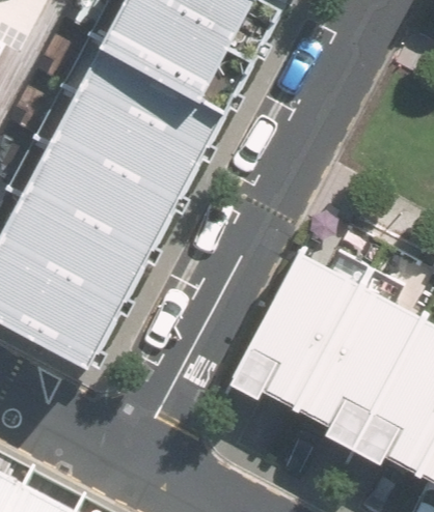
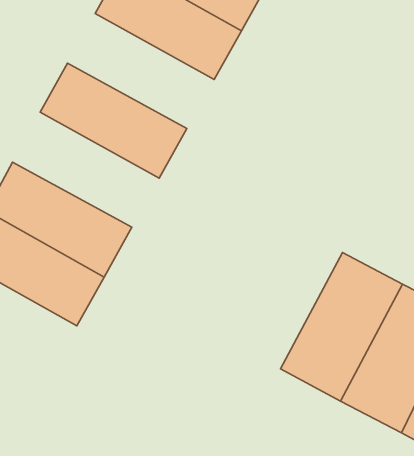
building: [77,42,226,160] -> none
building: [21,143,170,260] -> none
building: [233,254,357,404] -> none

